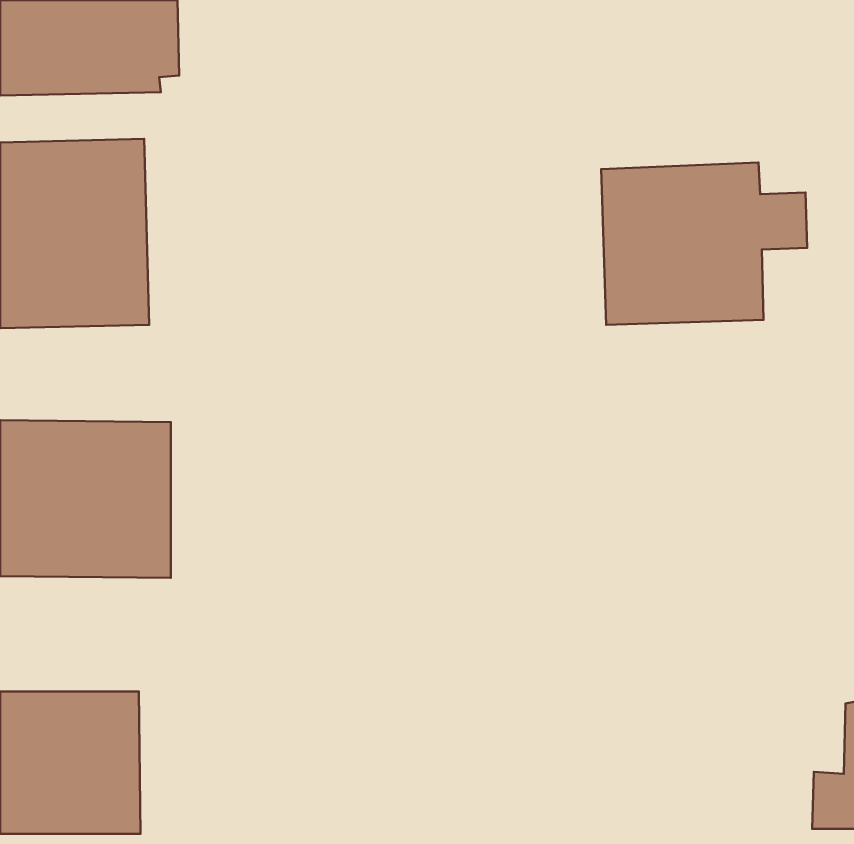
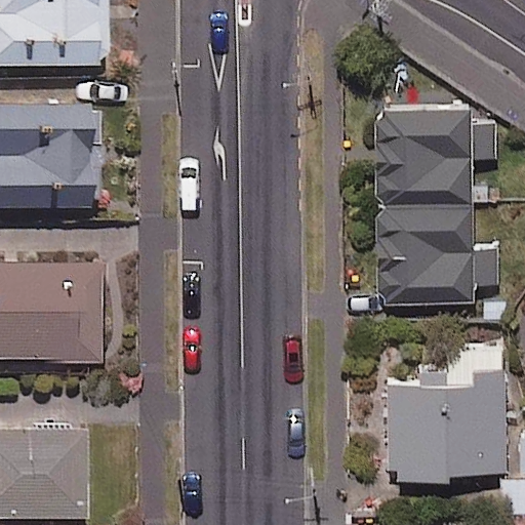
building: none -> [372,203,498,306]
building: none -> [386,359,504,480]

